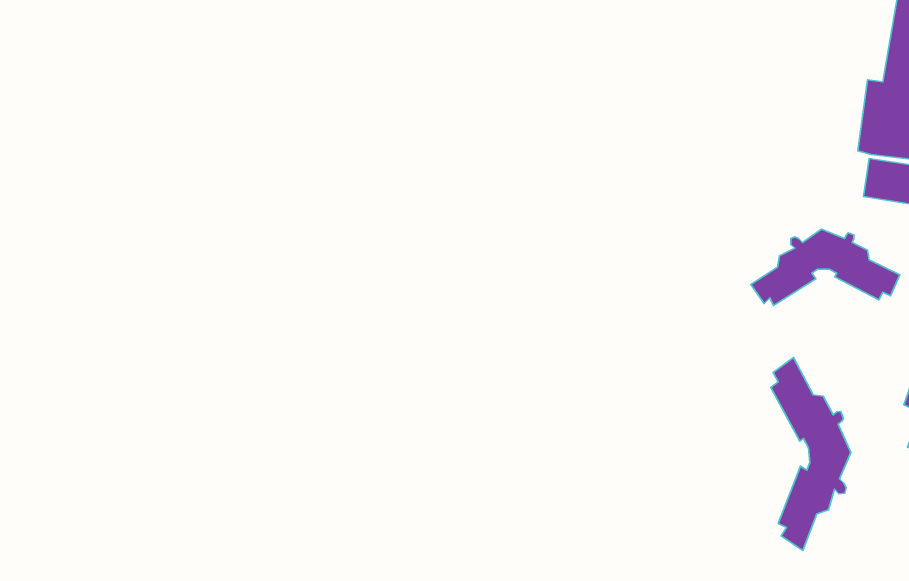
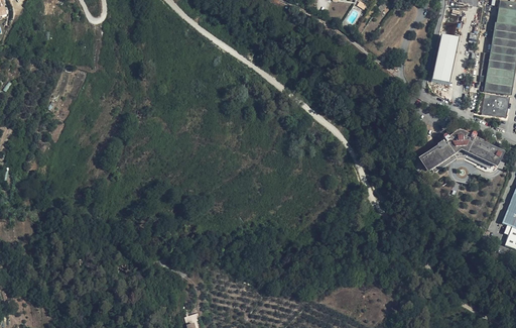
building: none -> [432,34,459,84]
building: [771,357,851,551] -> none

